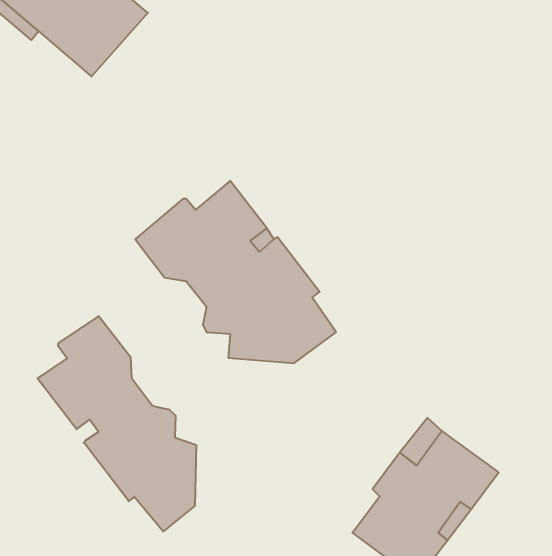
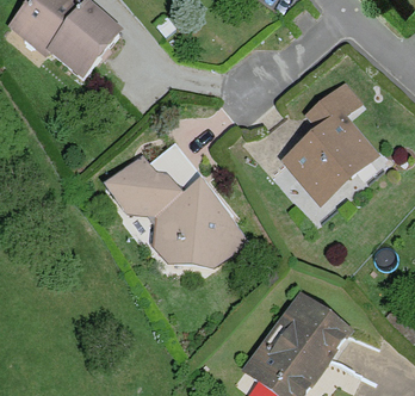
building: none -> [287,88,370,194]
building: [38,316,196,531] -> none

